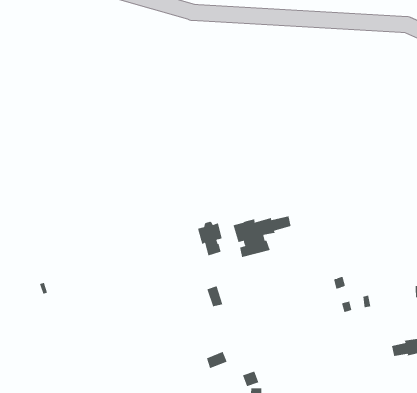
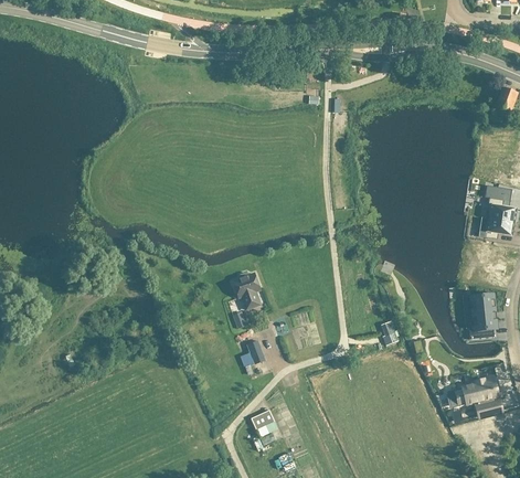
building: [233,216,291,258] -> none

